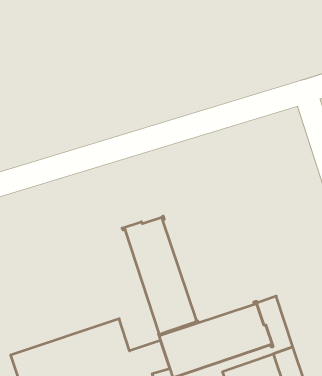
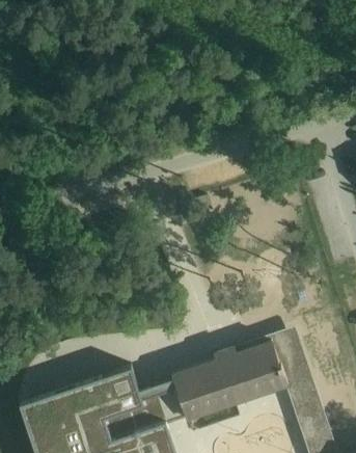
building: [122,216,198,334] -> none

